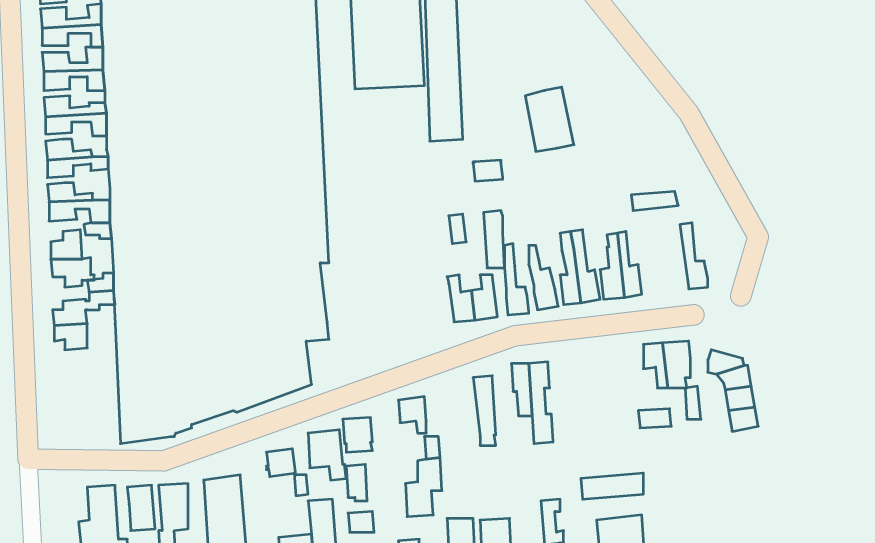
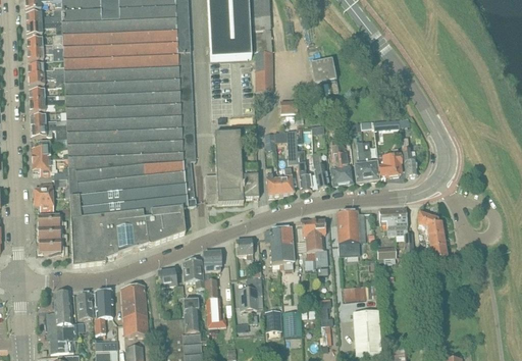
building: none -> [205,132,259,203]
building: none -> [377,154,401,175]
building: none -> [336,209,360,254]
building: none -> [37,213,61,255]
building: none -> [265,227,283,263]

